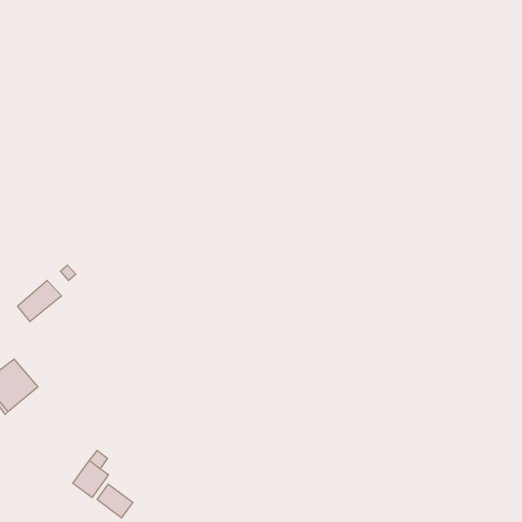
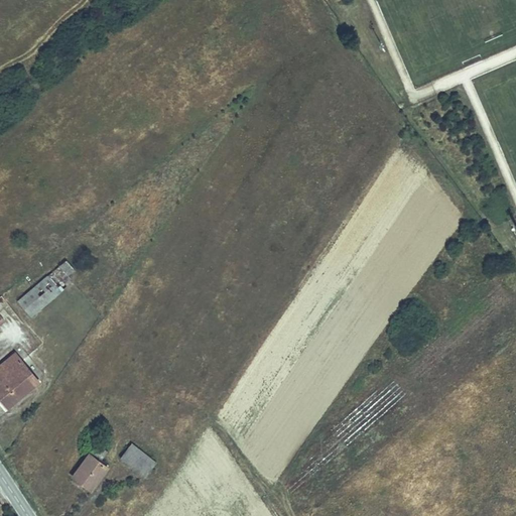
building: [97,484,133,518] -> [119,444,154,478]

